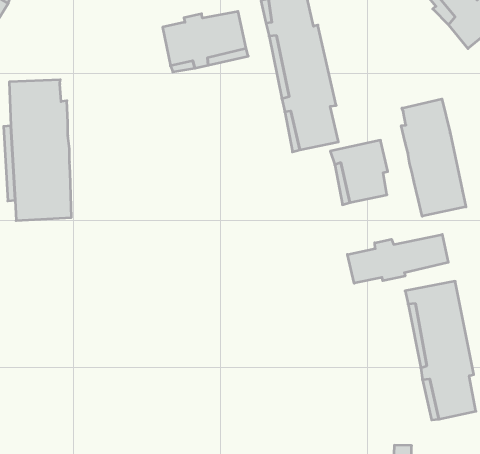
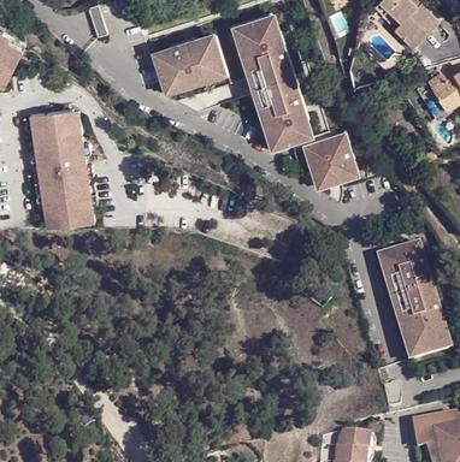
building: [401,99,466,216] -> none
building: [347,234,448,283] -> none

